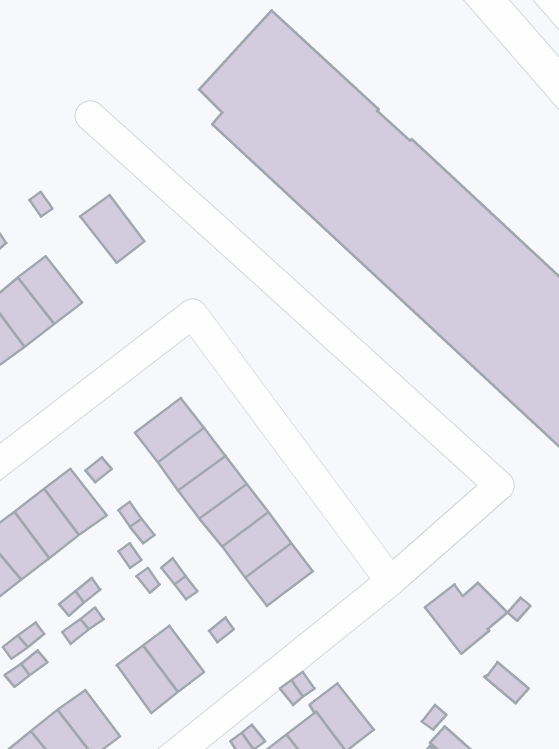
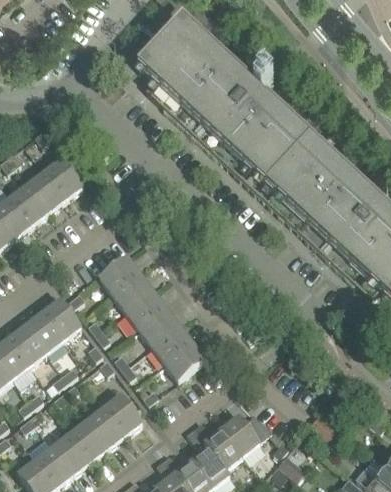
building: [80,195,144,263] -> [47,154,86,195]
building: [425,583,507,654] -> [224,411,274,454]
building: none -> [71,415,111,458]

